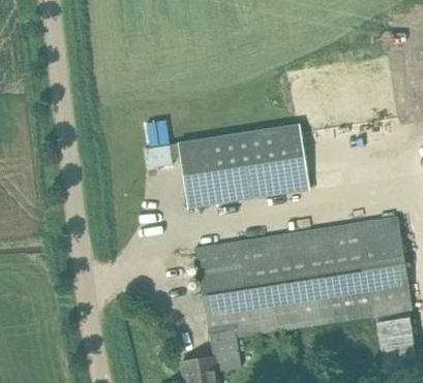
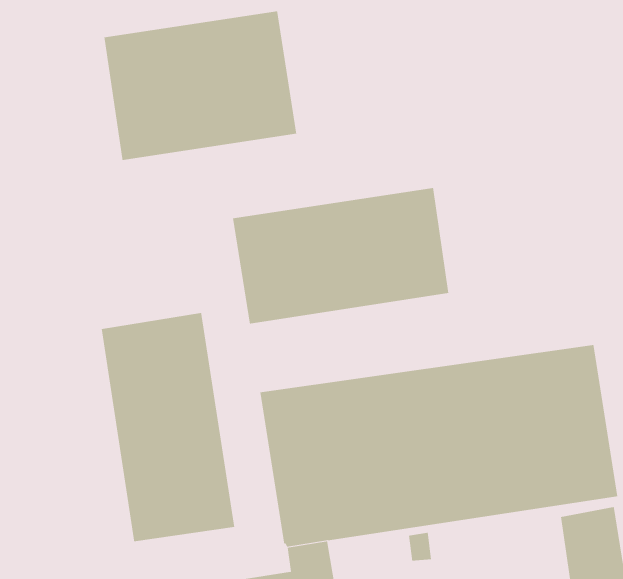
building: none -> [104,11,297,161]
building: none -> [101,312,235,542]

